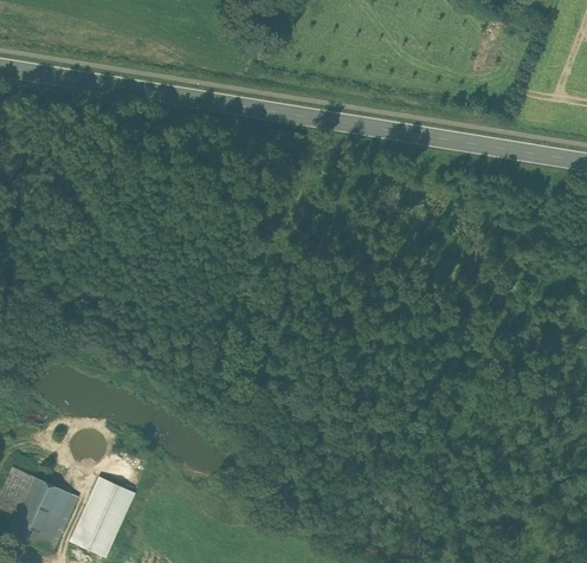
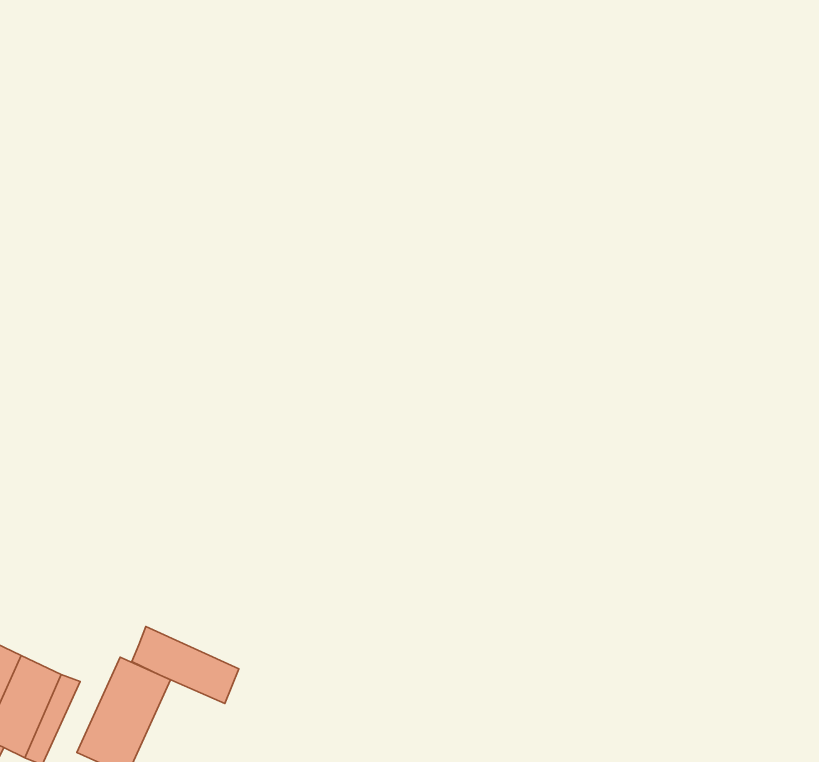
building: none -> [132,626,239,704]

